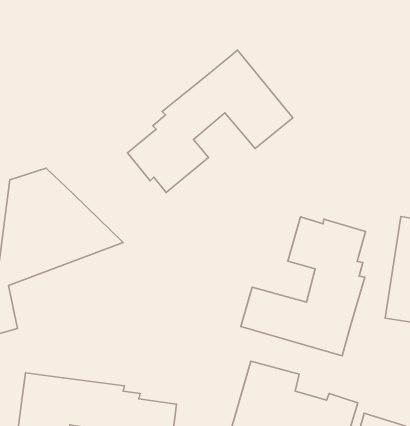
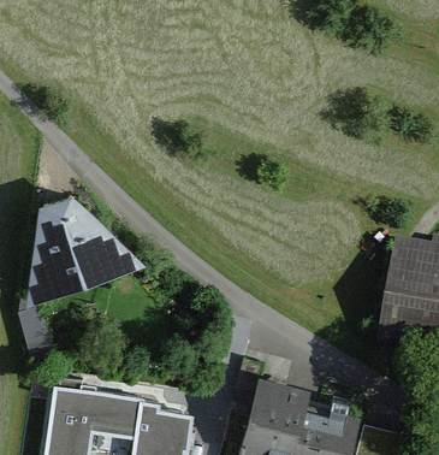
building: [128,50,293,193] -> none
building: [241,217,366,356] -> none

